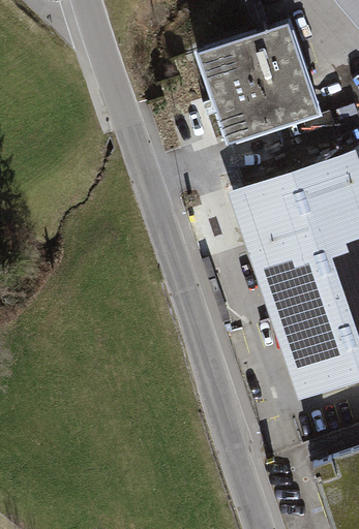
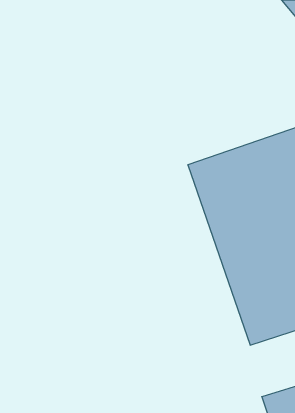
building: [196,20,324,145] -> none

